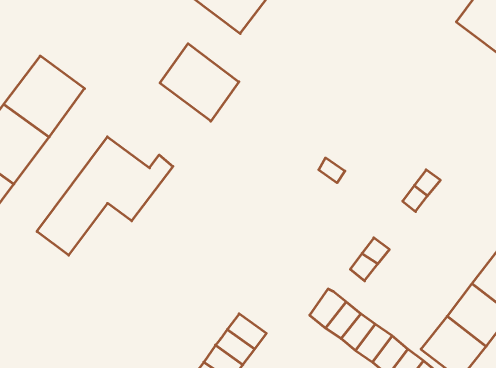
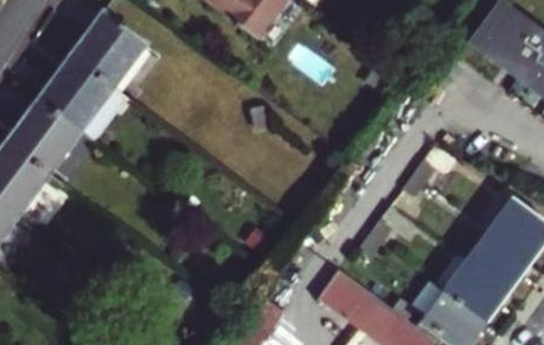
building: none -> [74,19,143,86]
building: [160,44,239,121] -> none
building: [37,137,173,255] -> none

